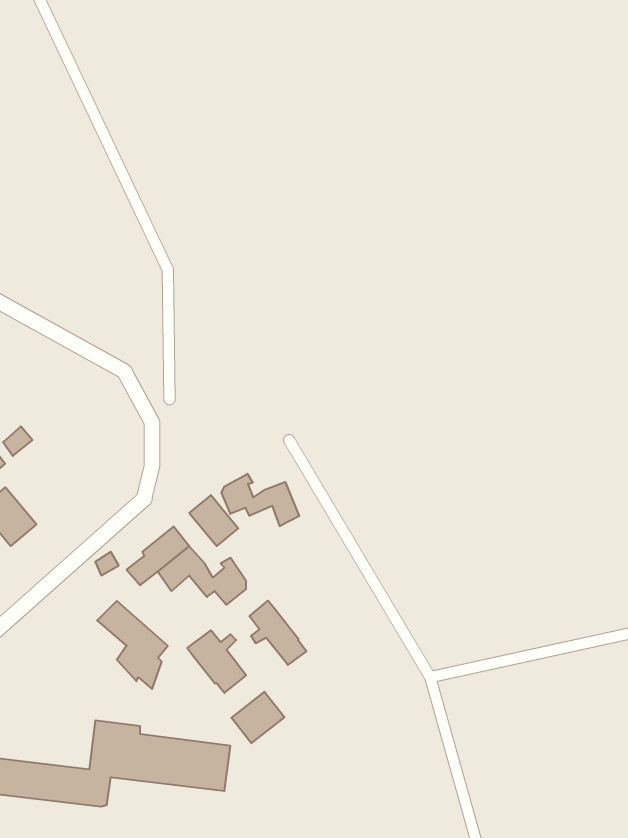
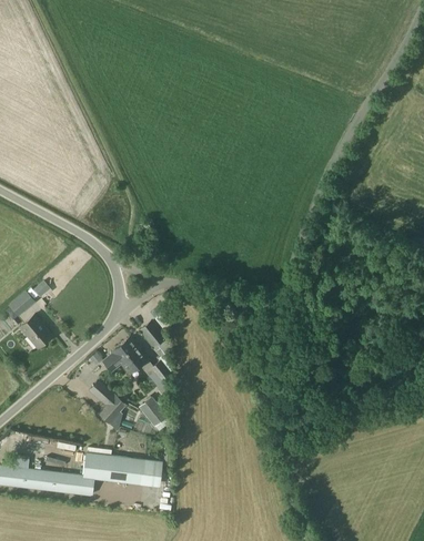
building: [222,474,299,526] -> none
building: [249,601,306,665] -> none
building: [231,692,284,743] -> none

